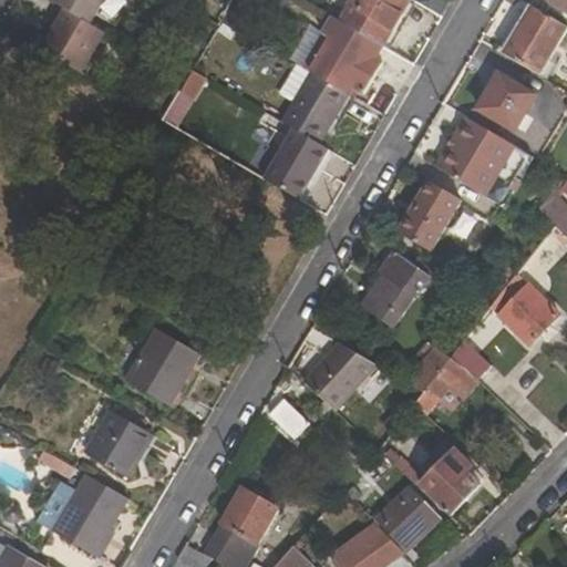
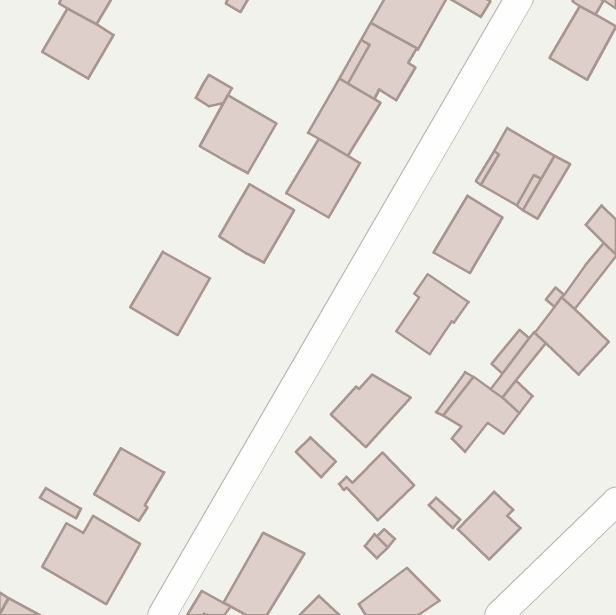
building: [481,75,533,126] -> none
building: none -> [200,95,276,173]
building: none -> [219,184,294,263]
building: [126,328,199,404] -> [130,252,210,335]
building: [370,487,439,549] -> [339,453,414,520]

